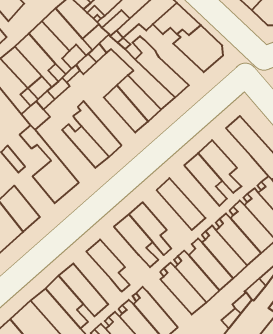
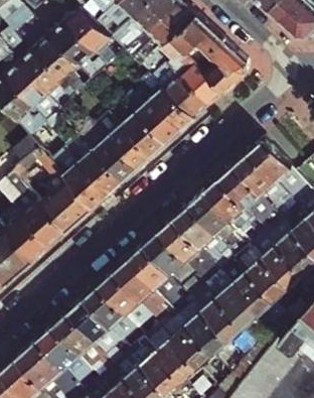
building: none -> [157,38,226,105]
building: none -> [94,113,152,170]
building: none -> [46,148,109,211]
building: none -> [235,151,283,209]
building: none -> [189,191,244,249]
building: none -> [20,200,64,248]
building: none -> [160,219,220,289]
building: none -> [114,258,161,315]
building: none -> [85,285,136,341]
building: none -> [165,310,213,368]

